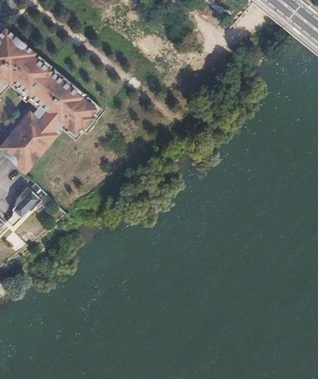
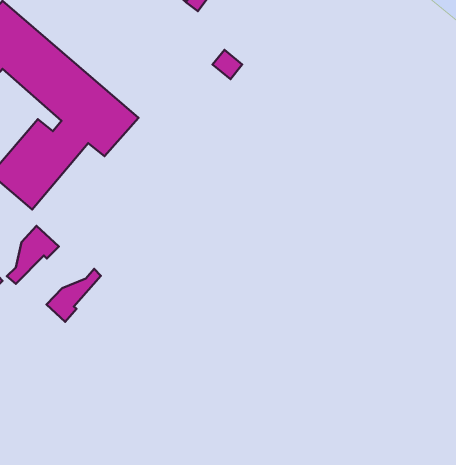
building: none -> [47,269,101,322]

